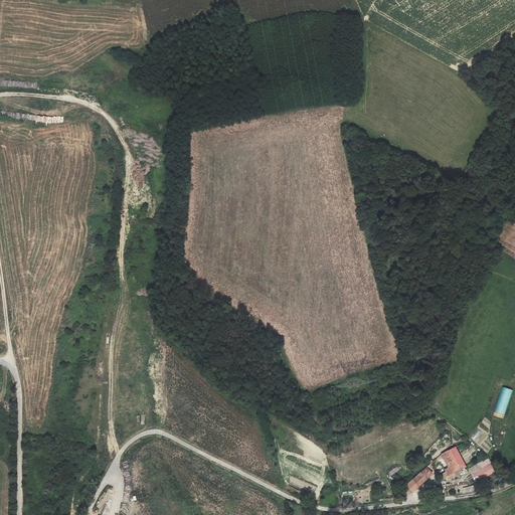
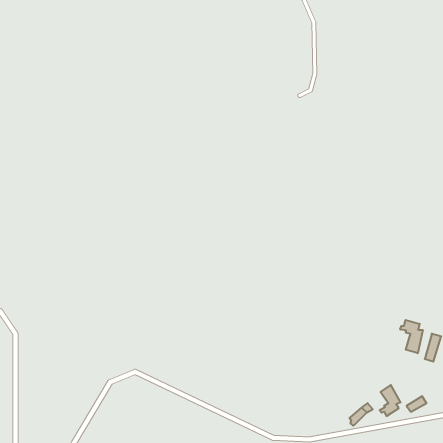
building: none -> [400,320,423,353]

